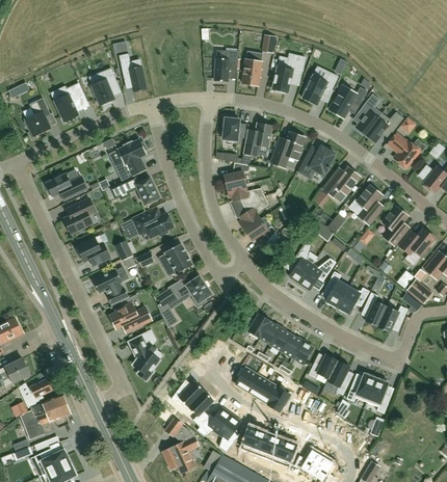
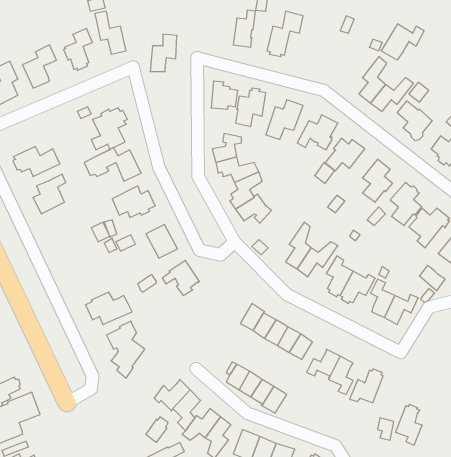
building: [214,48,238,81] -> [150,34,177,72]
building: [303,73,338,105] -> none
building: [328,85,367,117] -> [381,24,424,60]
building: [76,237,110,266] -> none
building: [93,269,128,304] -> none
building: [367,377,391,413] -> [395,404,422,445]

